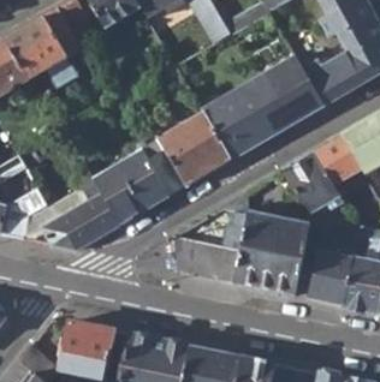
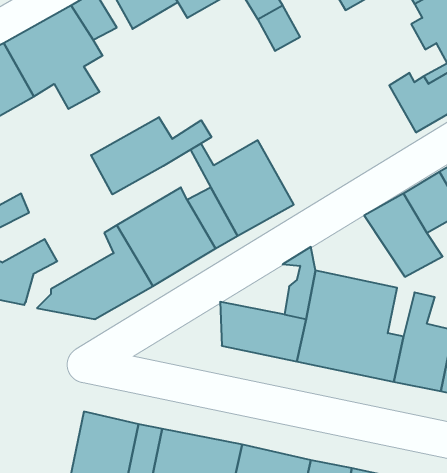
building: [201,58,322,161] -> none
building: none -> [91,117,211,194]

